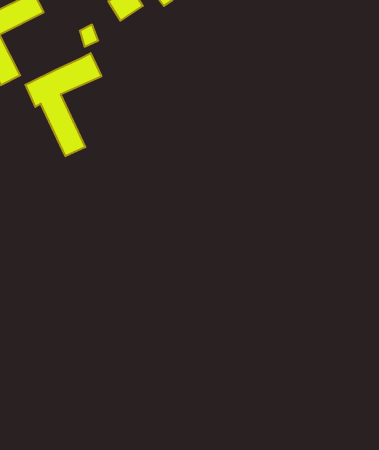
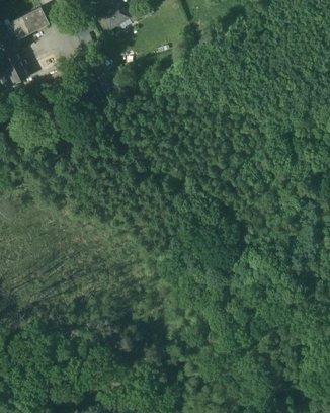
building: [25,53,101,156] -> none

